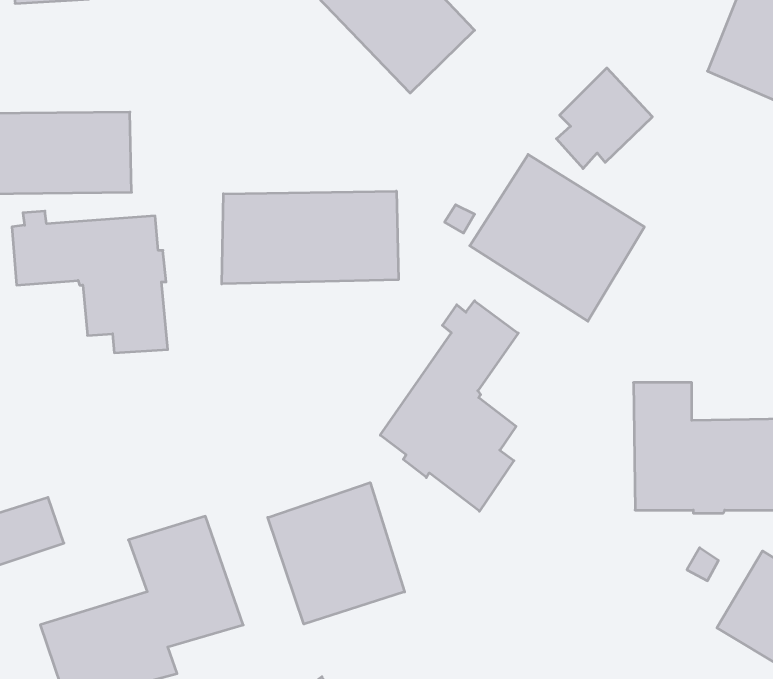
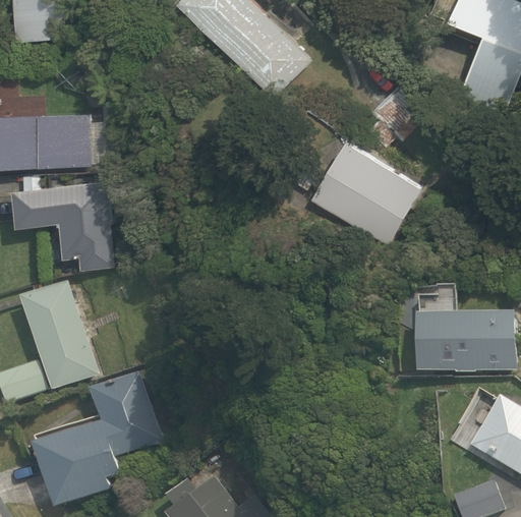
building: [222,191,398,284] -> none
building: [380,301,518,511] -> none
building: none -> [19,281,99,391]
building: [268,483,405,624] -> none

